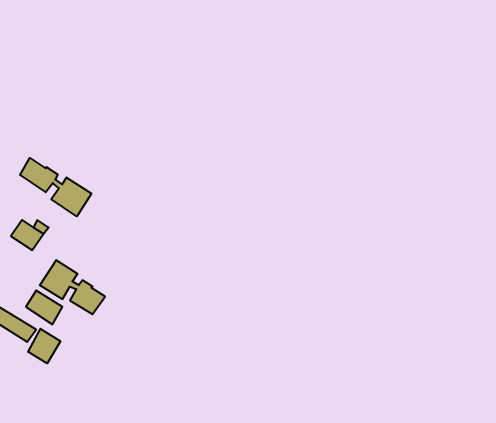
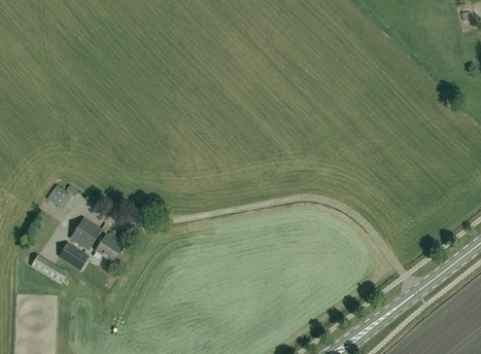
building: [20,158,91,216] -> none
building: [28,329,60,363] -> none

